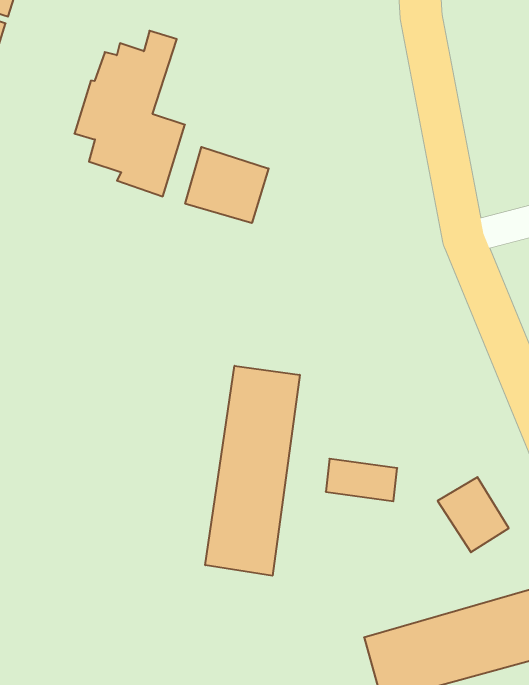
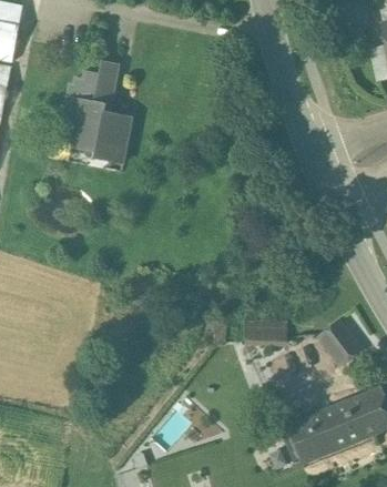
building: [185,147,269,223] -> none
building: [205,366,300,576] -> none

